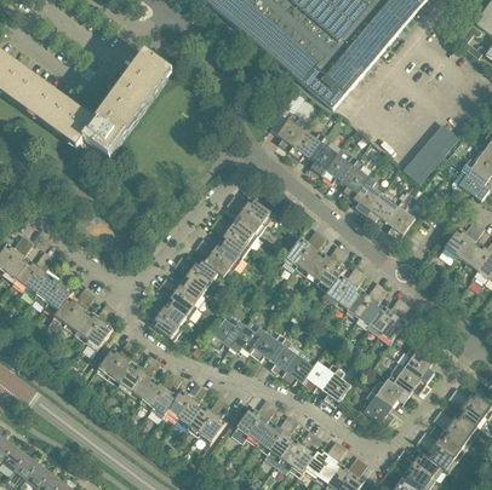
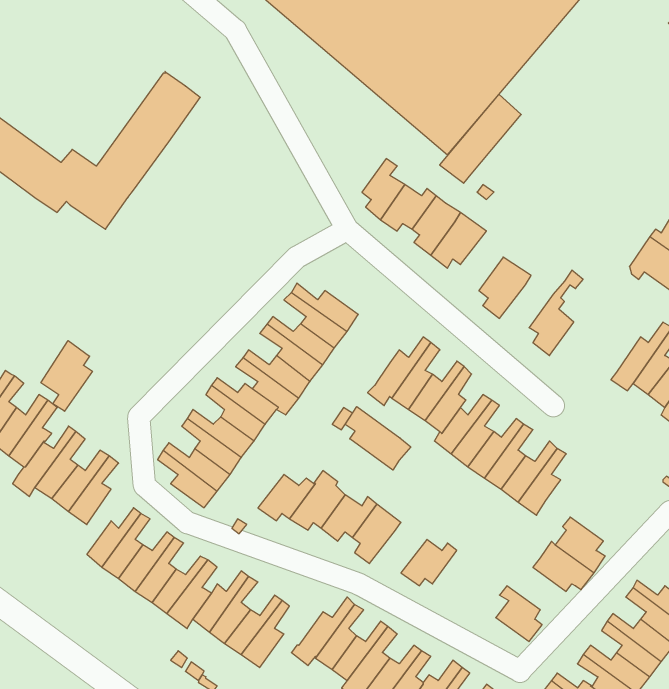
building: [404,125,457,183] -> [440,94,521,183]
building: [341,160,368,198] -> none
building: [366,189,408,225] -> none
building: none -> [41,341,92,411]
building: none -> [345,407,411,470]
building: [281,350,319,385] -> none
building: [322,368,351,407] -> none
building: [371,379,410,407] -> none

